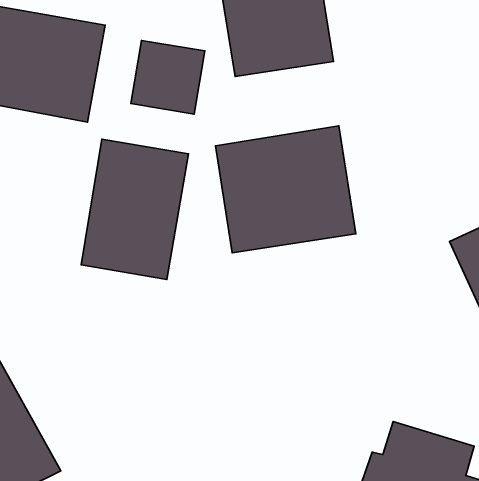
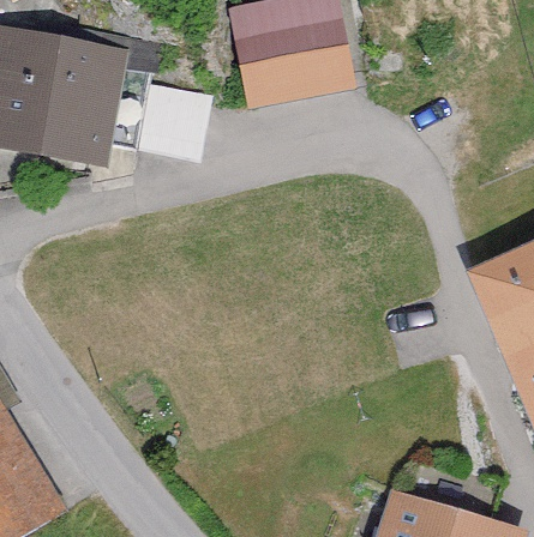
building: [215,126,356,253] -> none
building: [81,139,188,279] -> none

